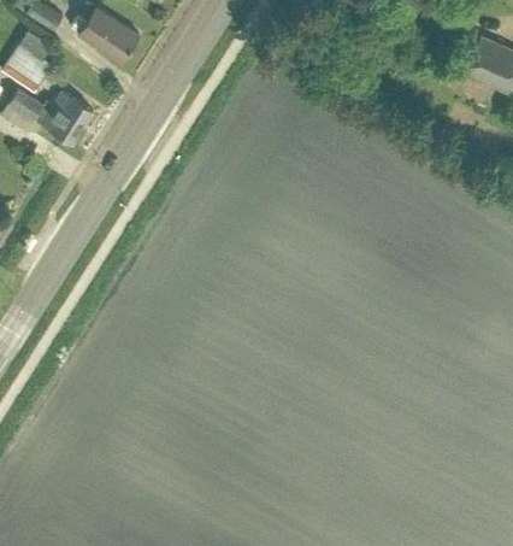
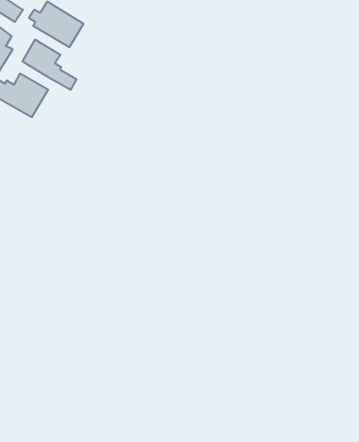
building: none -> [23,39,76,90]

